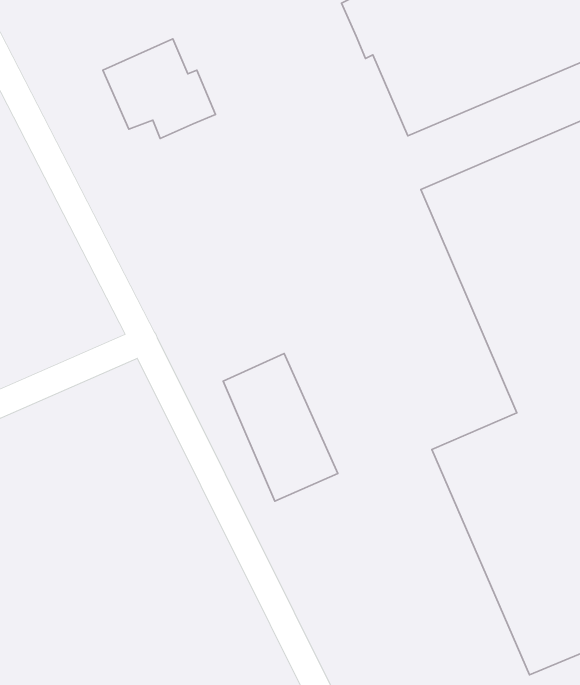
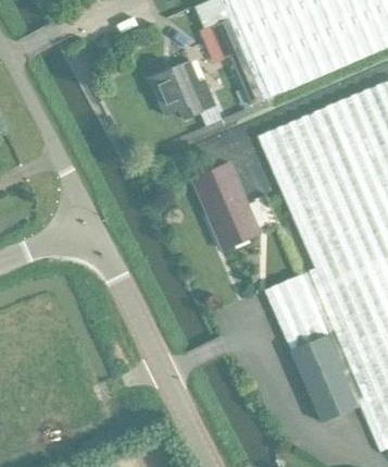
building: [103,39,215,139] -> [151,60,217,119]
building: [223,354,338,501] -> [195,161,262,248]

